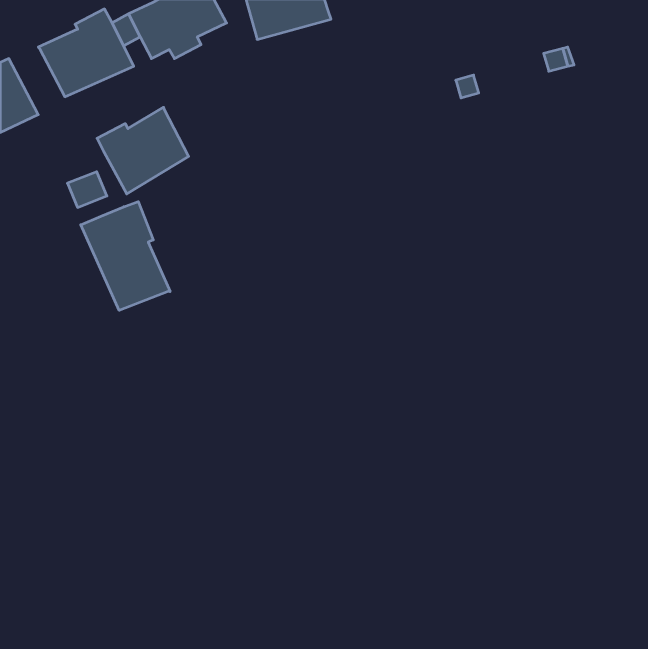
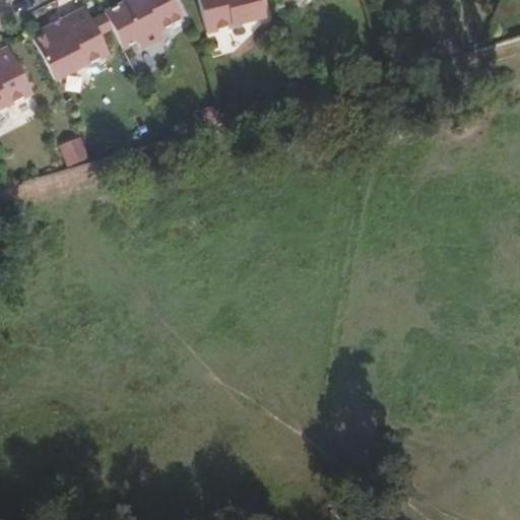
building: [97,107,189,194] -> none
building: [81,202,170,310] -> none

